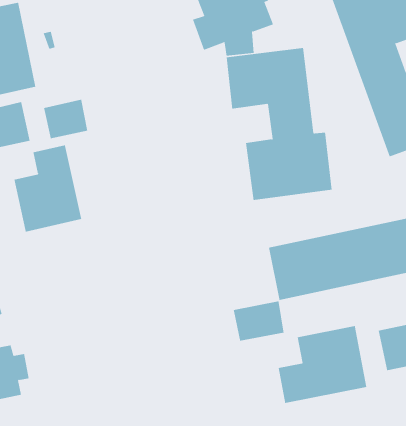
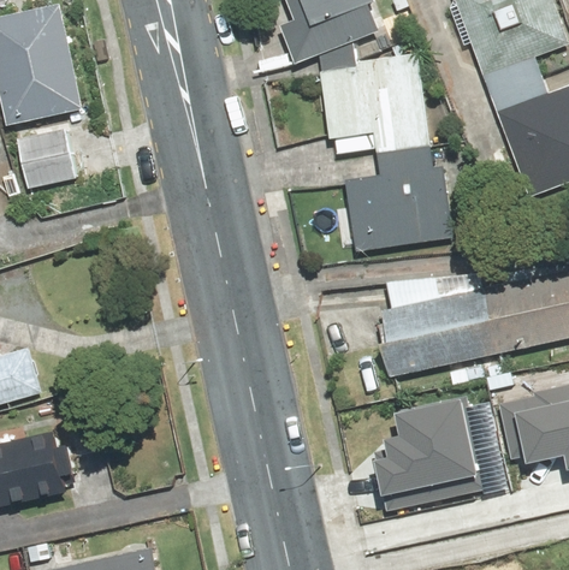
building: [43,99,88,139] -> none
building: [14,144,82,233] -> none
building: [233,301,284,342] -> none

